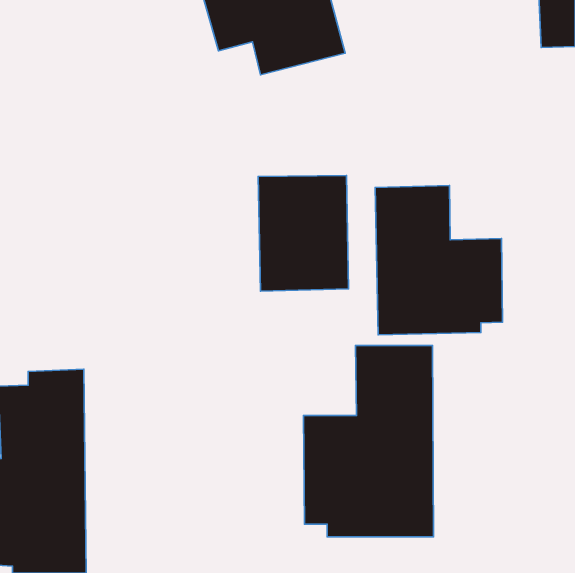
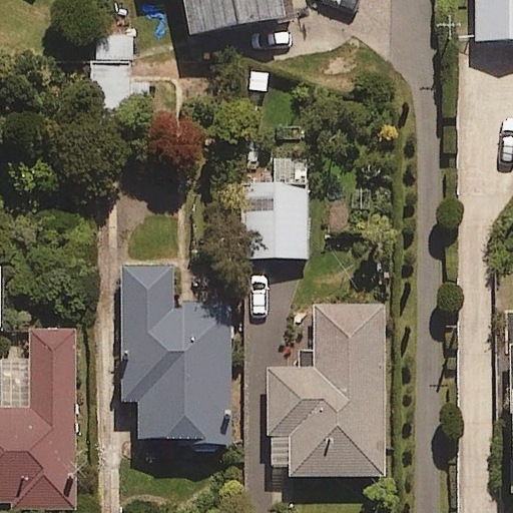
building: [375,186,503,335] -> none
building: none -> [122,265,229,448]

